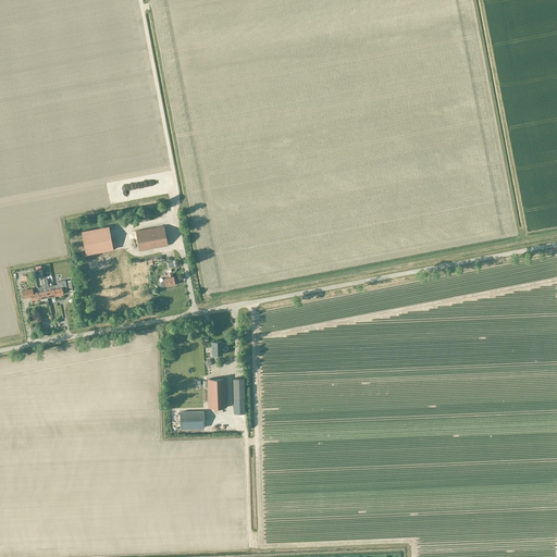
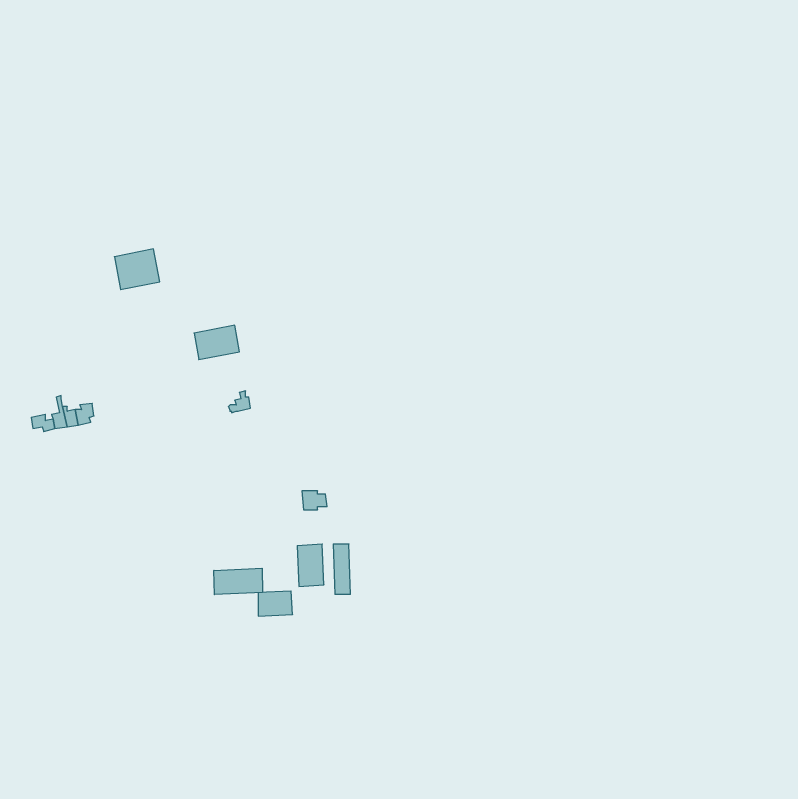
building: [81,227,112,256] -> [114,249,160,290]
building: none -> [214,568,262,595]

